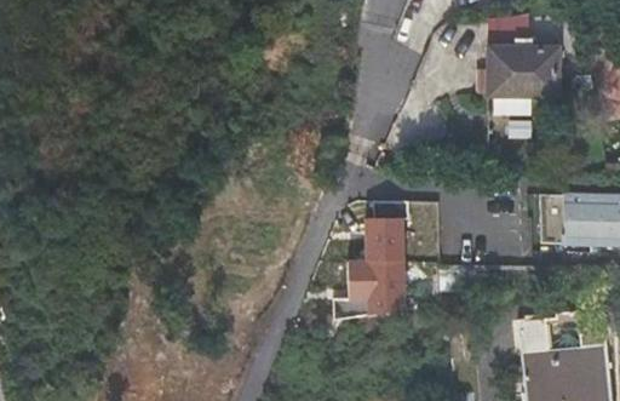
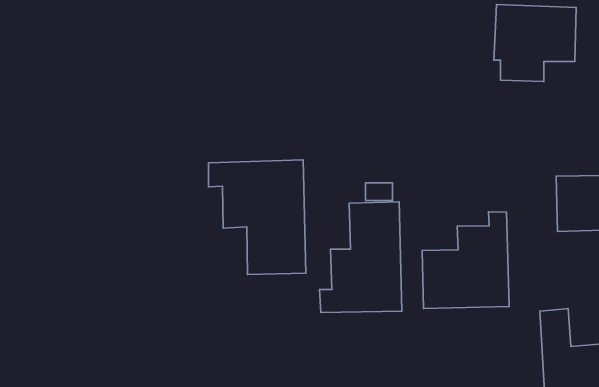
building: none -> [208,160,306,274]
building: none -> [422,212,509,309]

